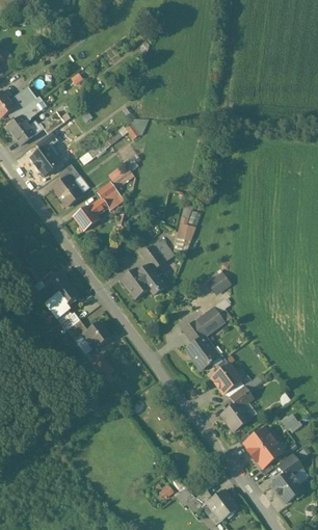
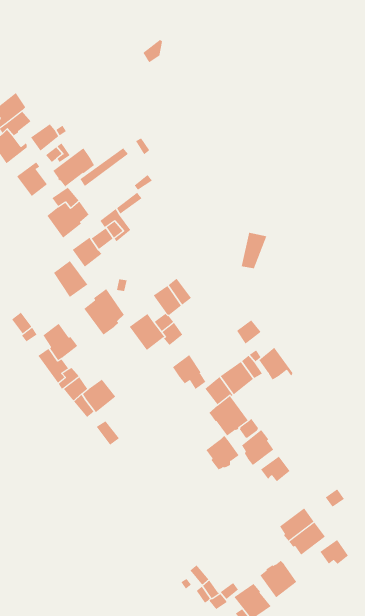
building: none -> [52,147,95,188]
building: [174,222,195,253] -> [241,232,267,269]
building: none -> [53,260,88,298]
building: none -> [83,288,125,335]
building: none -> [258,347,293,381]
building: none -> [172,354,206,390]
building: [222,401,250,430] -> [205,435,240,470]
building: [271,471,302,502] -> [259,560,297,598]

